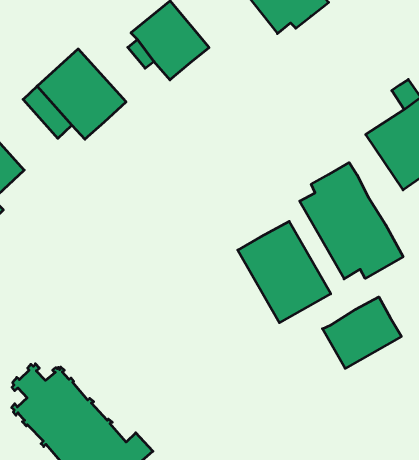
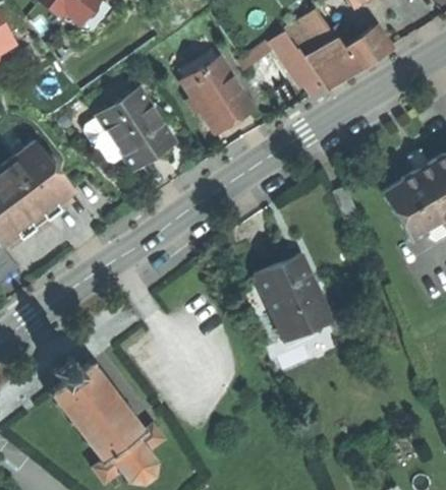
building: [300,163,403,279] -> none
building: [322,297,401,368] -> none

